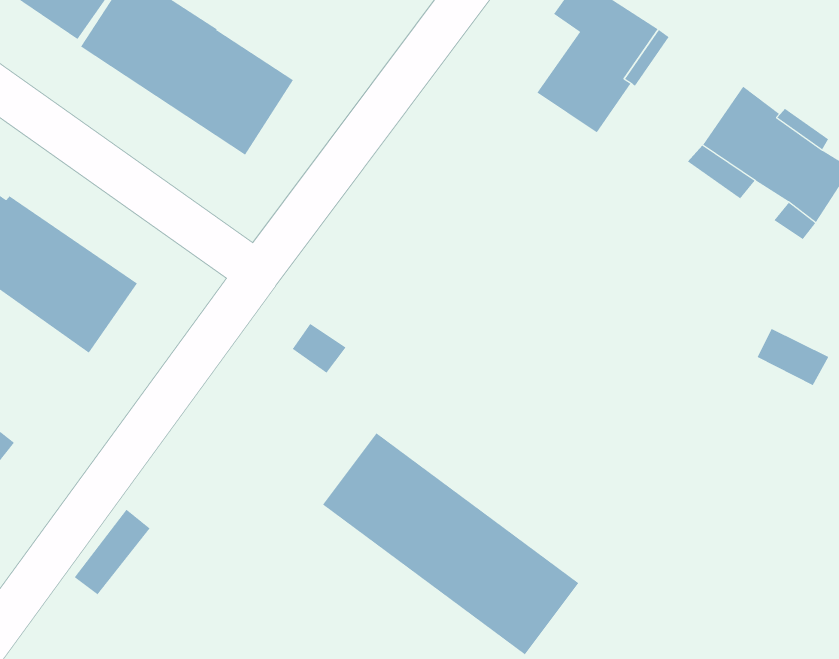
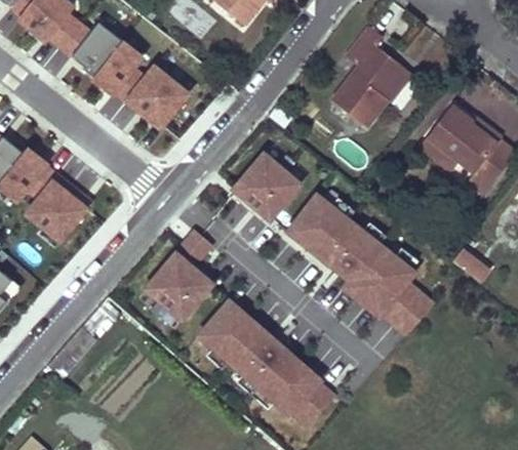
building: none -> [229,147,304,221]
building: none -> [282,188,434,338]
building: none -> [140,246,215,323]

